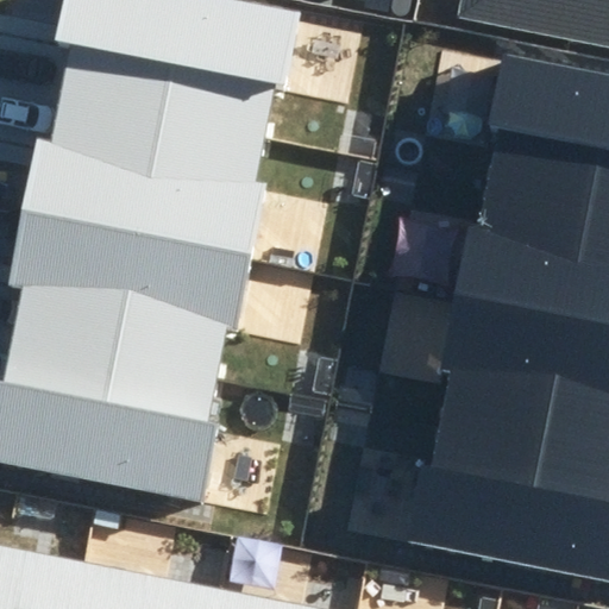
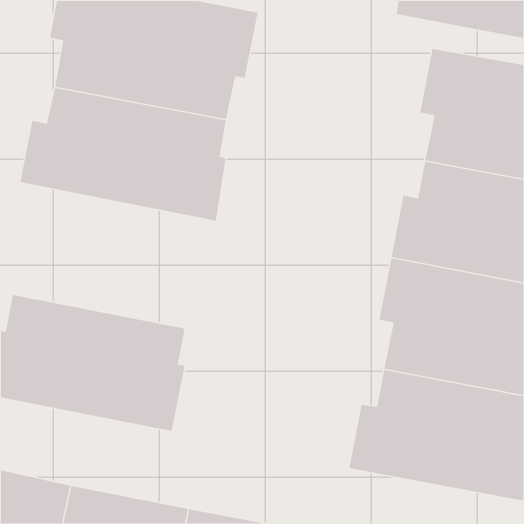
building: [8,212,251,381] -> none

